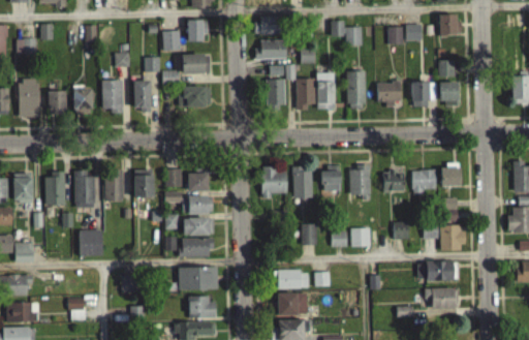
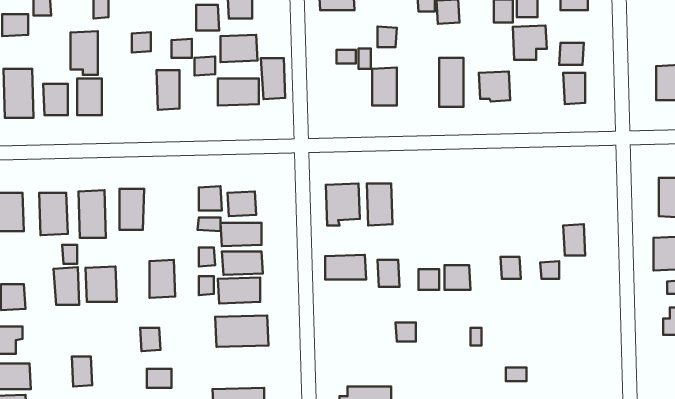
building: [255,40,286,59] -> none
building: [317,72,335,110] -> none
building: [102,80,123,113] -> [70,31,98,75]
building: [266,80,284,111] -> [261,58,285,99]
building: [411,82,437,107] -> [513,26,547,60]
building: [349,163,371,199] -> none
building: [440,165,460,187] -> none
building: [321,167,340,191] -> none
building: [134,169,154,198] -> [149,260,175,298]
building: [412,171,436,193] -> none
building: [383,172,404,191] -> none
building: [440,225,463,251] -> none
building: none -> [53,267,79,305]
building: [417,261,458,280] -> none
building: [278,270,309,288] -> [325,255,366,279]
building: [425,288,458,309] -> none
building: [278,292,307,315] -> none
building: [188,298,216,318] -> none

